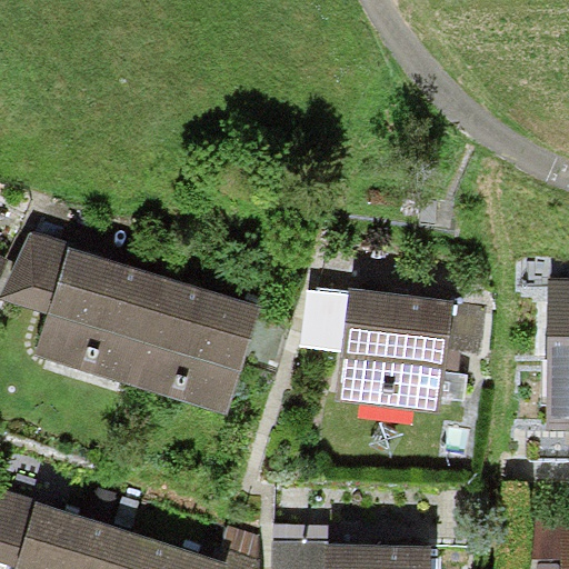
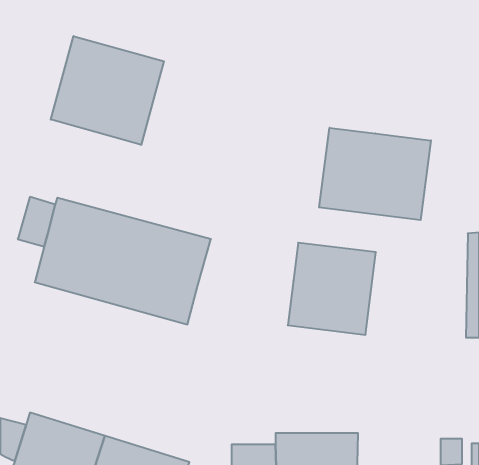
building: none -> [51,36,164,145]
building: none -> [319,128,431,220]

